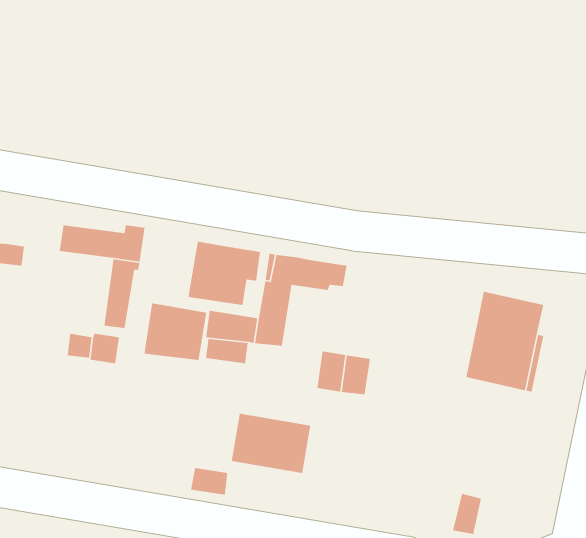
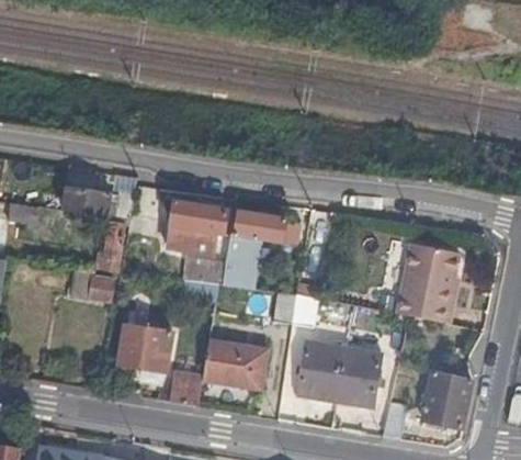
building: [144,303,207,361] -> [120,325,171,372]
building: none -> [297,341,382,408]
building: none -> [422,371,472,428]

